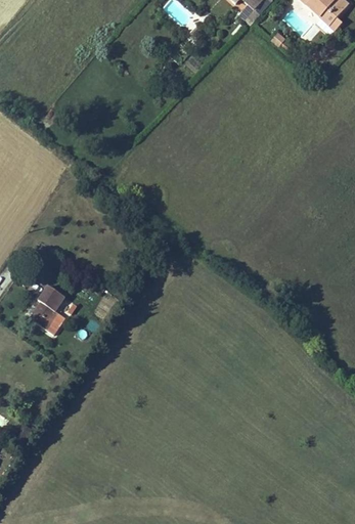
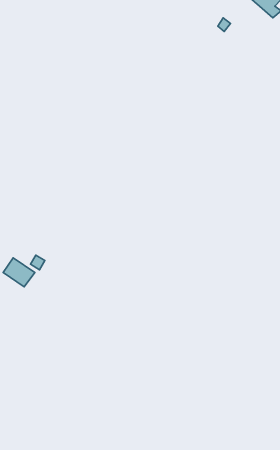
building: [37,282,64,309] -> none

